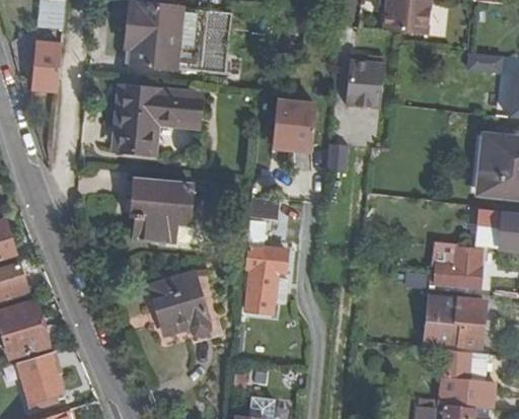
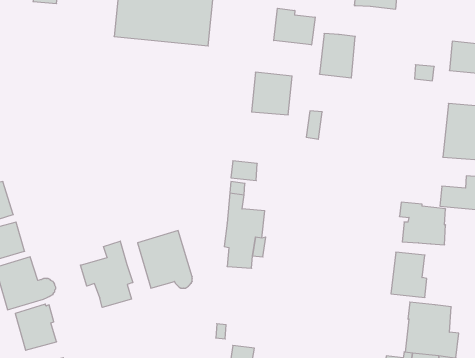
building: none -> [274,8,315,45]
building: [32,44,60,92] -> none
building: [116,88,200,152] -> none
building: [130,180,192,240] -> none
building: none -> [80,241,133,307]
building: [455,298,484,346] -> none

